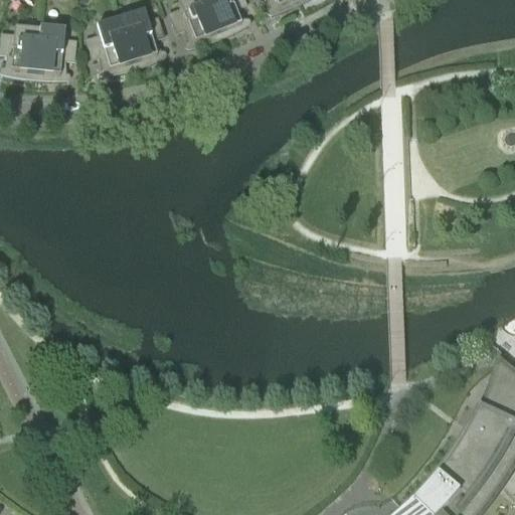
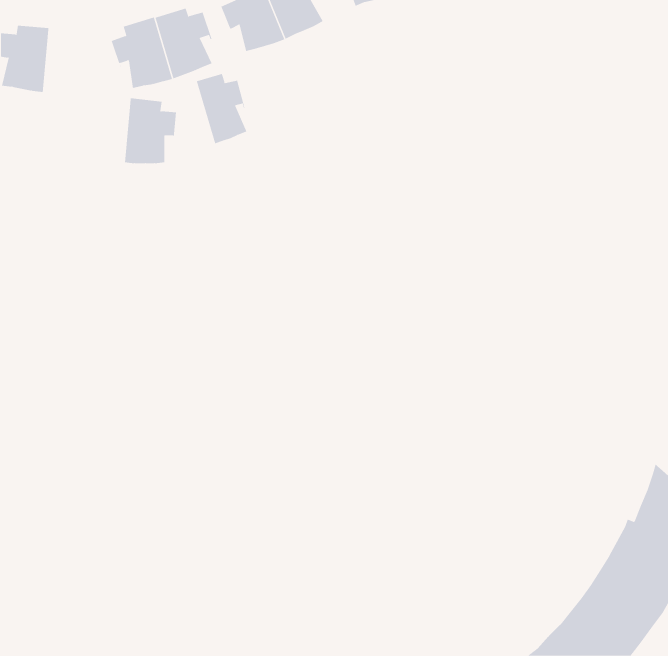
building: [38,14,78,71] -> [124,88,177,164]
building: none -> [193,71,247,144]

